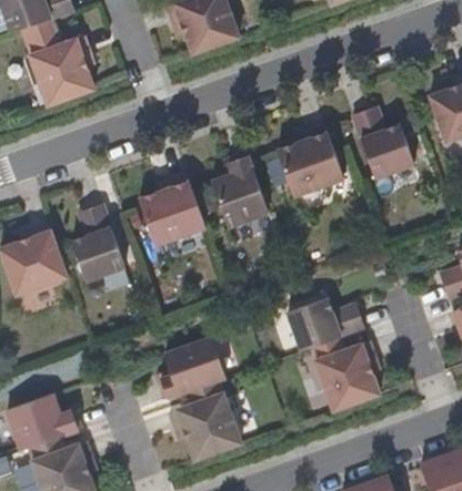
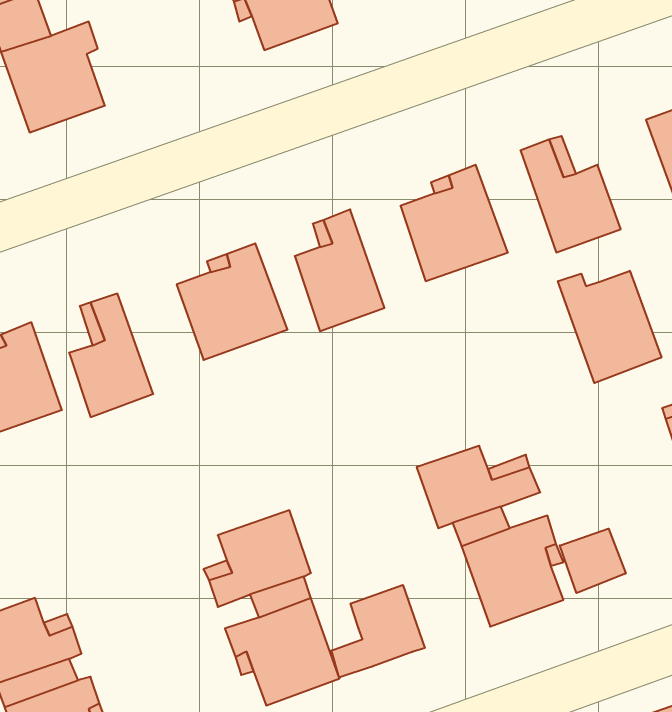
building: none -> [558,271,661,383]
building: none -> [560,529,626,593]
building: none -> [331,585,425,678]

